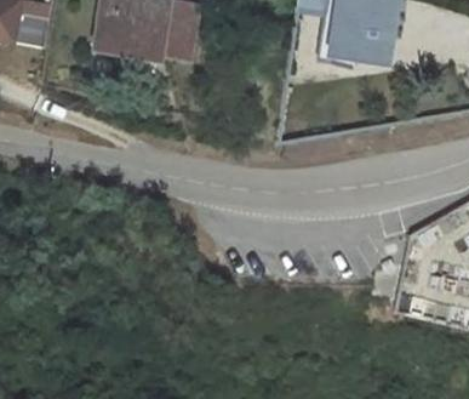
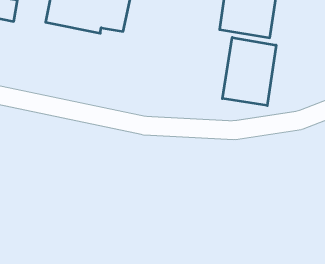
building: none -> [222,37,276,106]

